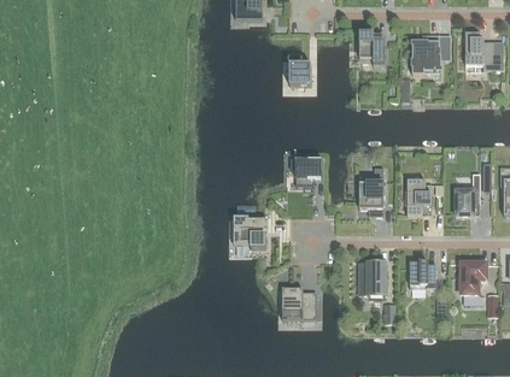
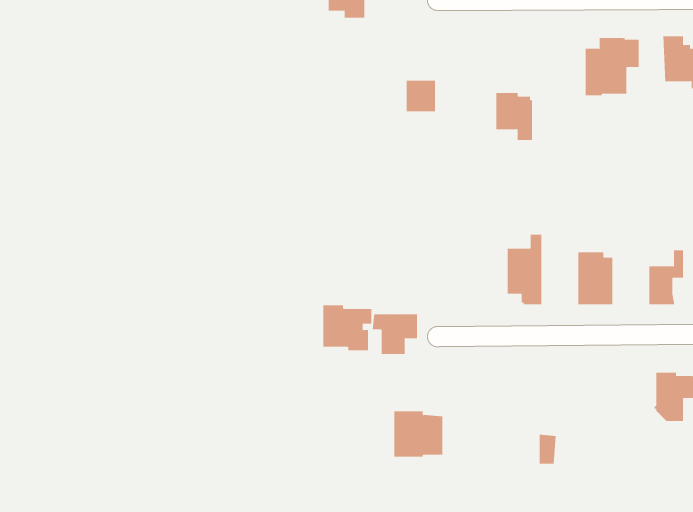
building: [359,33,385,65] -> [496,93,533,140]
building: [291,158,322,185] -> [372,314,418,355]
building: [367,261,386,295] -> none
building: [410,261,436,288] -> none

